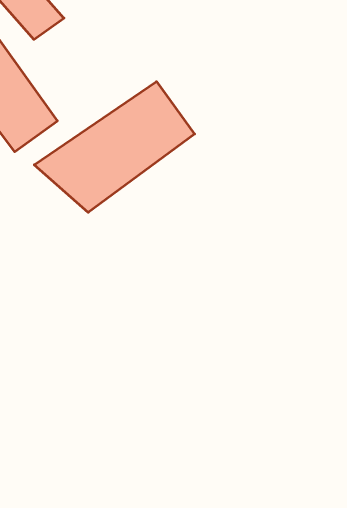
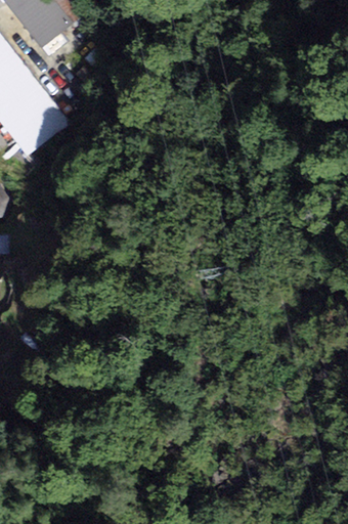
building: [34,82,195,212] -> none

